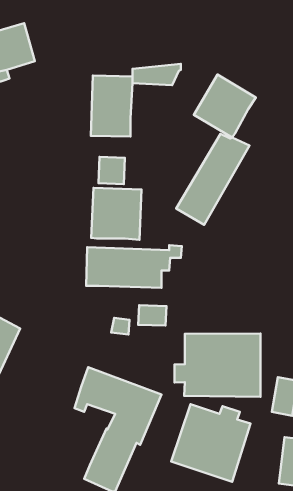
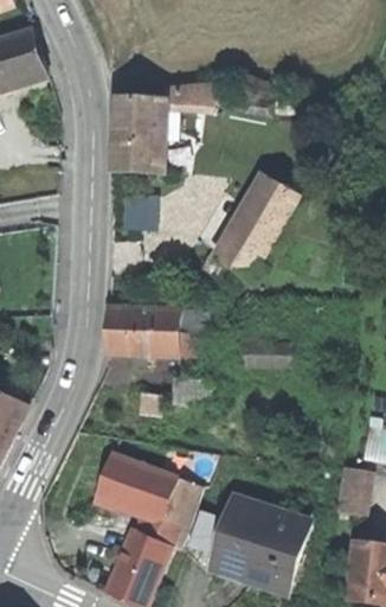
building: [194,75,256,138] -> none
building: [91,188,142,240] -> none
building: none -> [244,326,290,364]
building: [174,334,260,397] -> none

